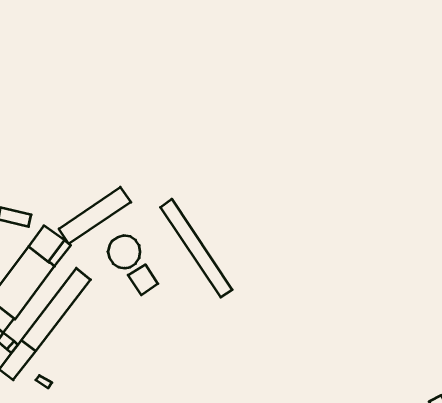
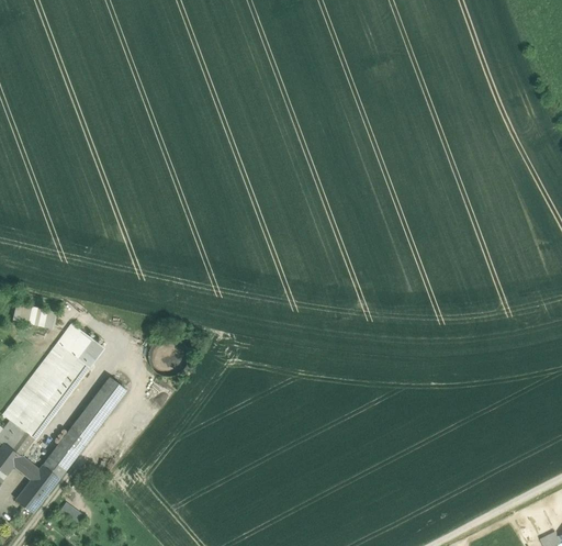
building: [59,187,131,244] -> none
building: [160,199,232,297] -> none
building: [128,265,158,295] -> none

